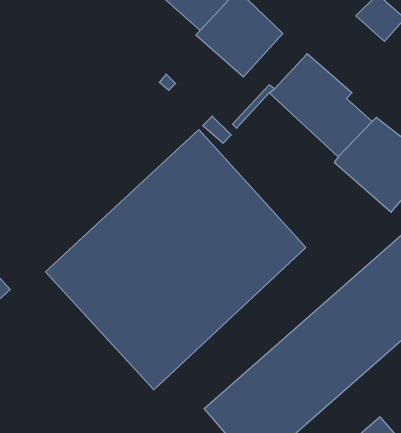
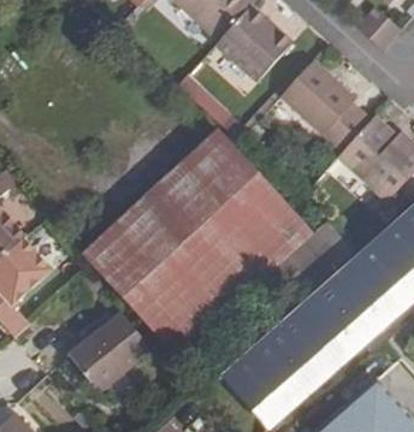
building: none -> [69,312,150,391]

